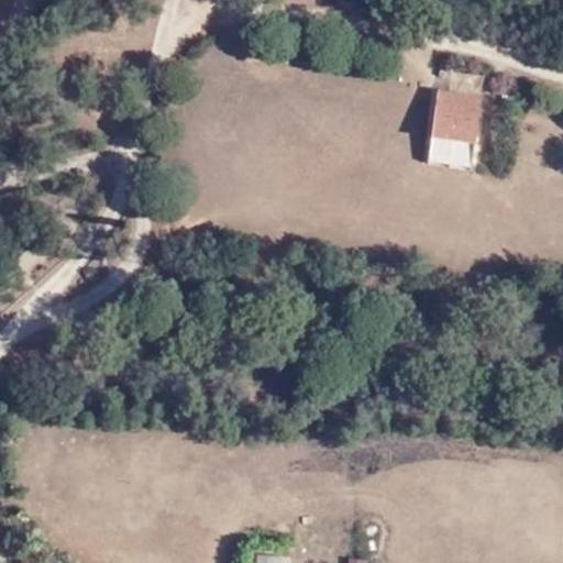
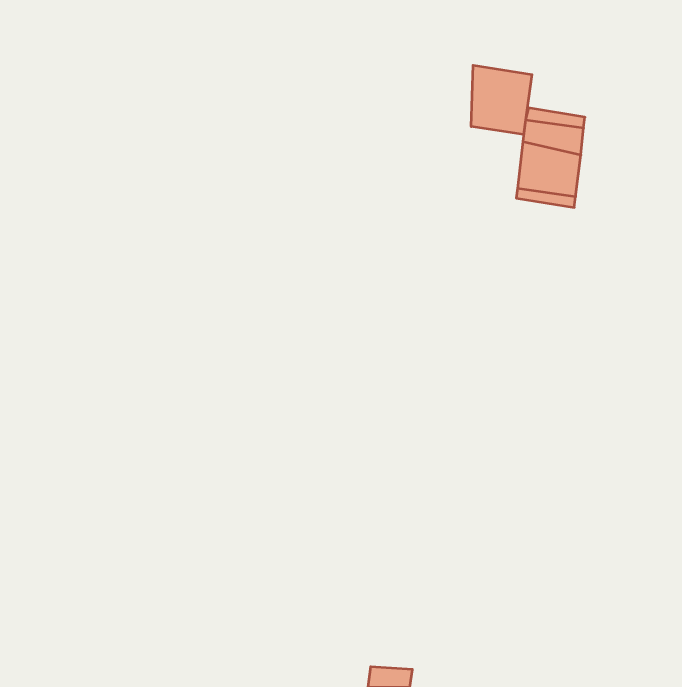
building: none -> [471,65,532,134]

